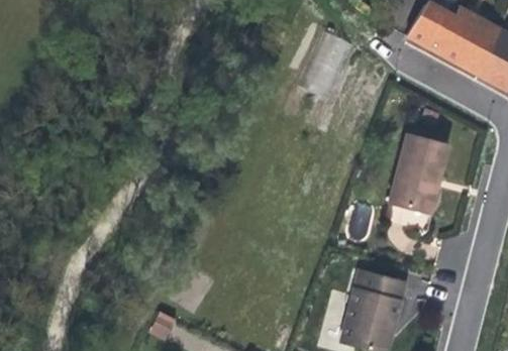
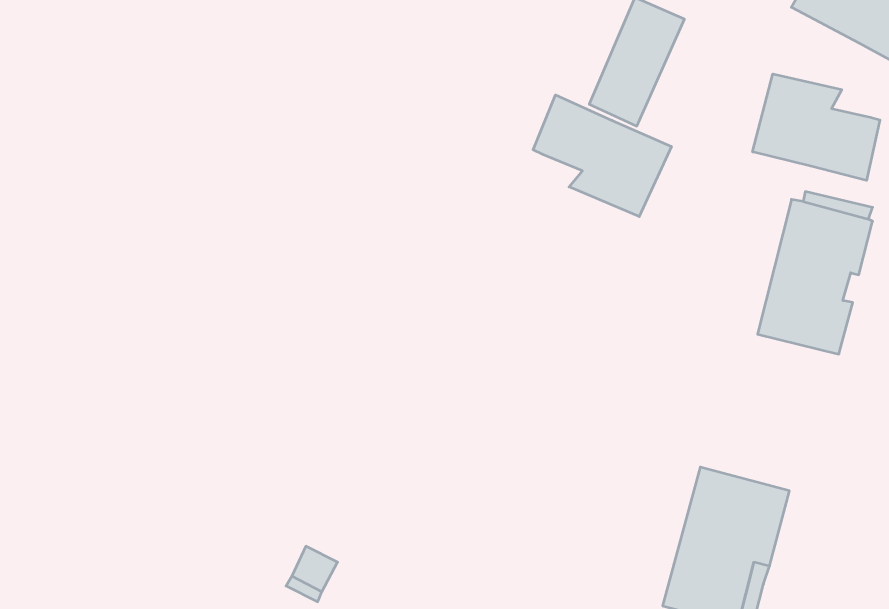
building: none -> [753,74,880,180]
building: none -> [533,95,671,217]

